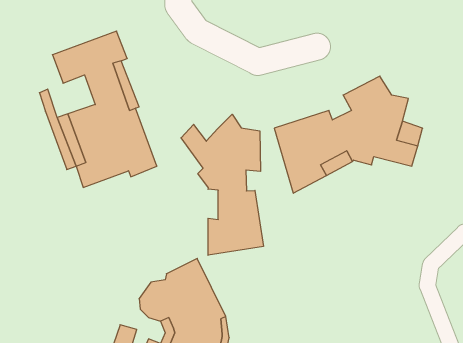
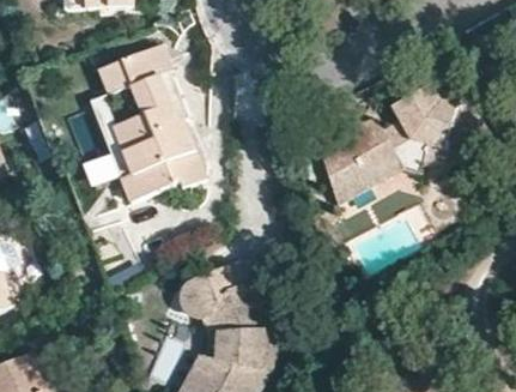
building: [181,114,263,255] -> none

